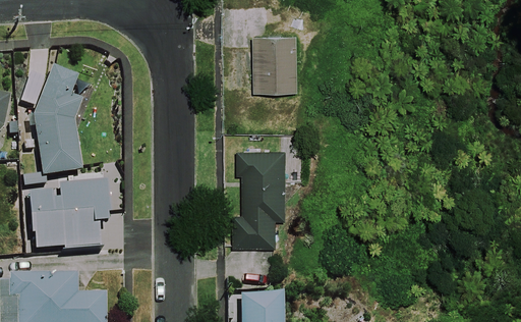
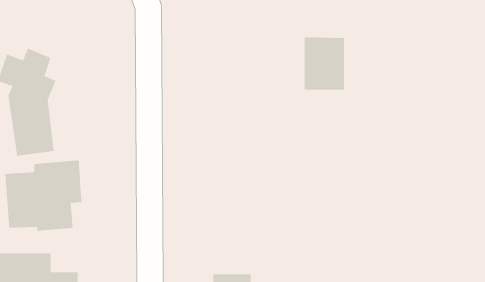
building: [255,35,297,90] -> [304,36,345,90]
building: [235,147,288,245] -> none

